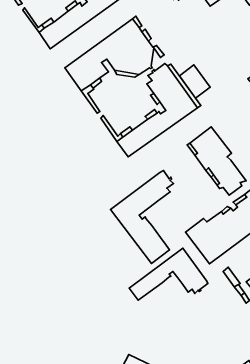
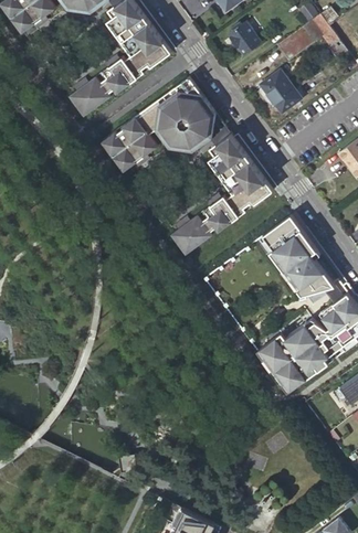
building: [179,65,210,98] -> [261,71,301,114]
building: [111,170,174,263] -> none
building: [129,248,208,300] -> none

